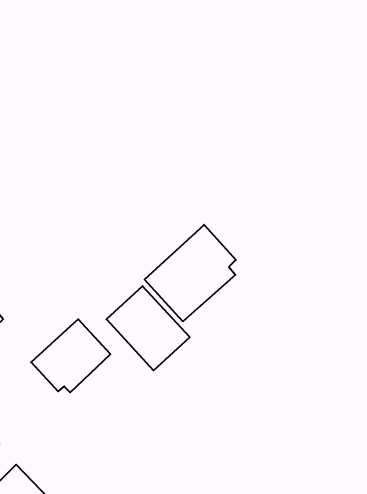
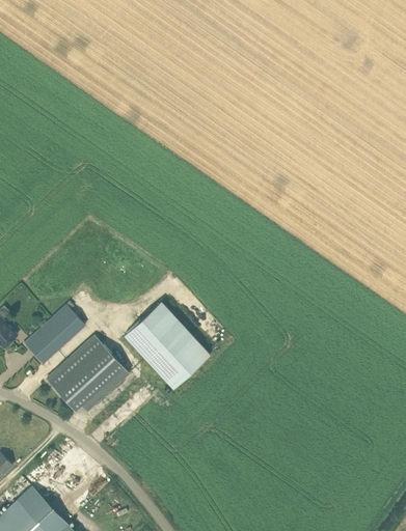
building: [145,225,236,321] -> none
building: none -> [24,305,84,364]

